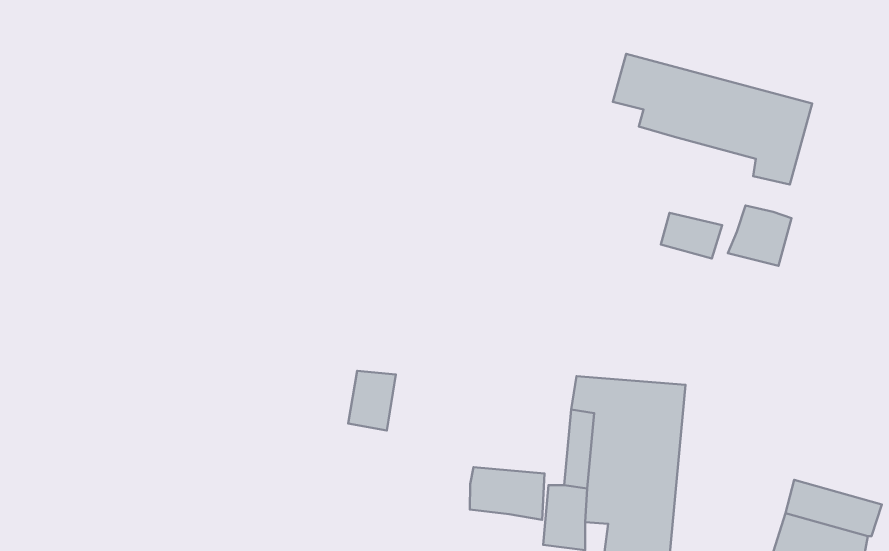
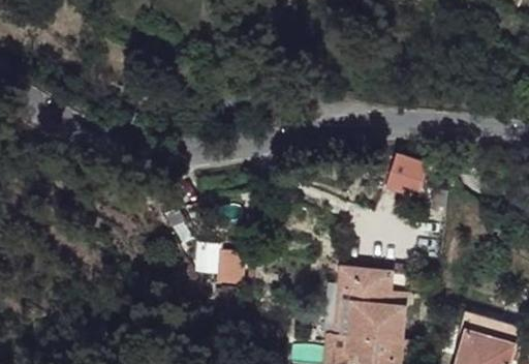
building: [613,54,812,184] -> none
building: [728,206,791,266] -> none
building: [470,467,544,520] -> none

